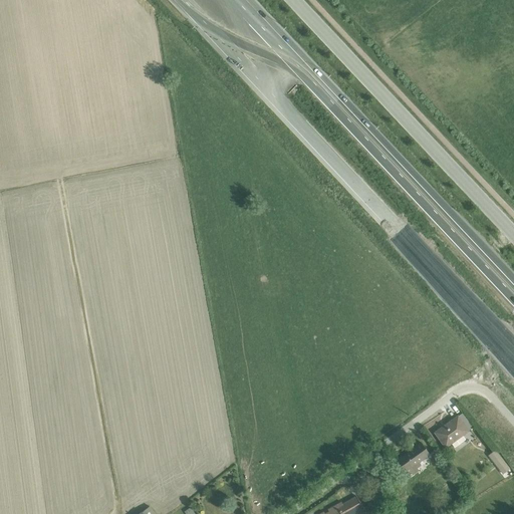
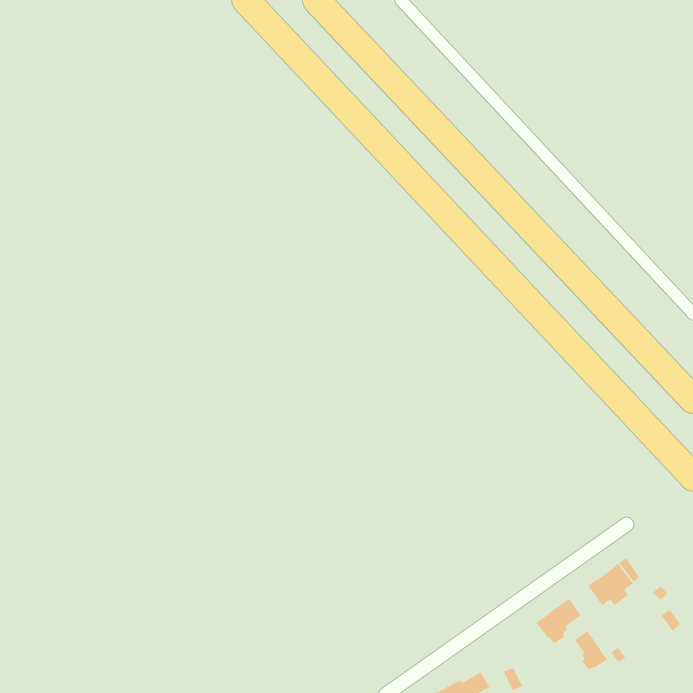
building: none -> [574,630,608,670]

